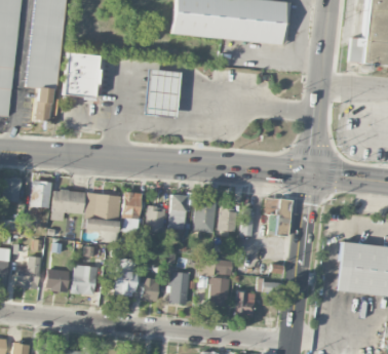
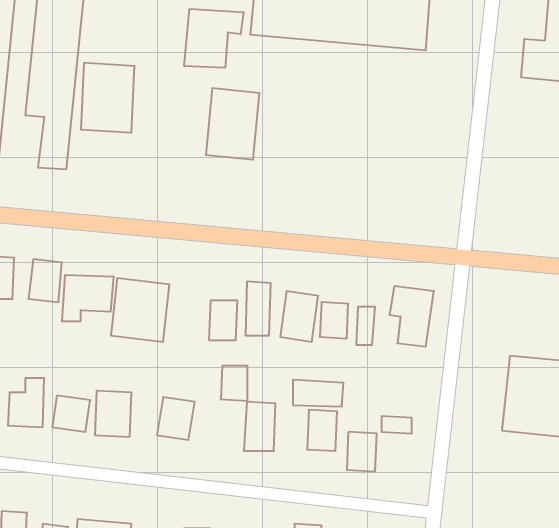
building: none -> [184,9,243,68]
building: [121,192,141,220] -> none
building: [141,278,158,301] -> [221,366,248,401]

